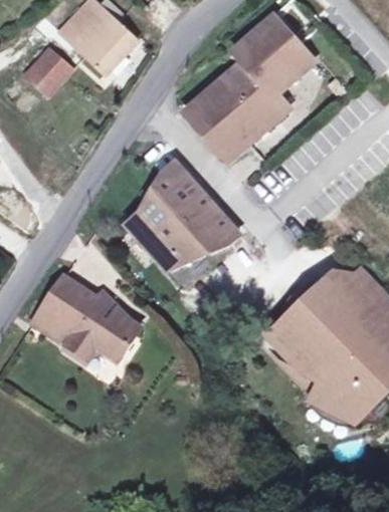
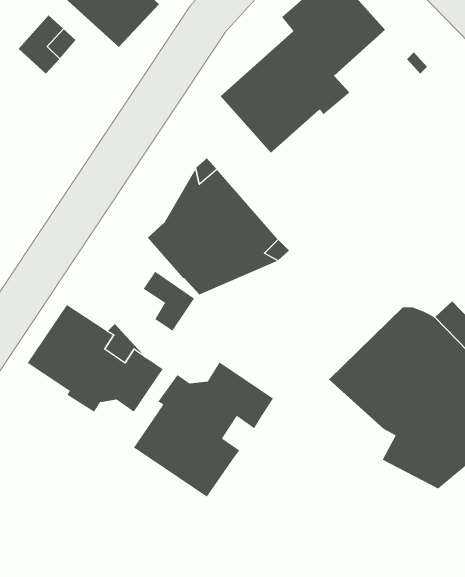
building: none -> [143,271,195,332]
building: none -> [133,362,274,497]

